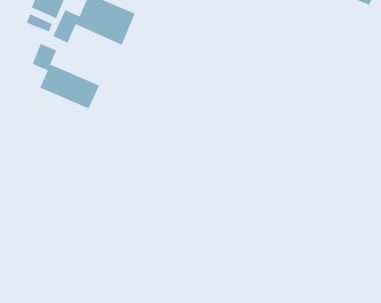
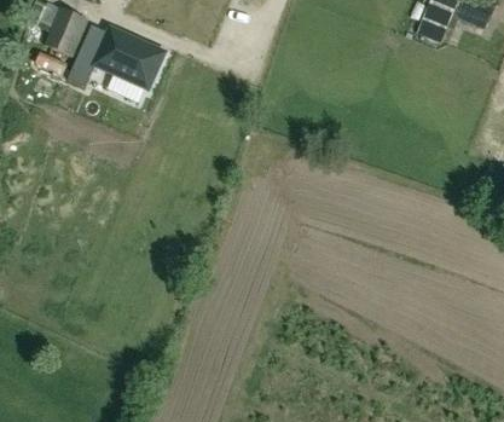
building: [32,43,100,109] -> none

